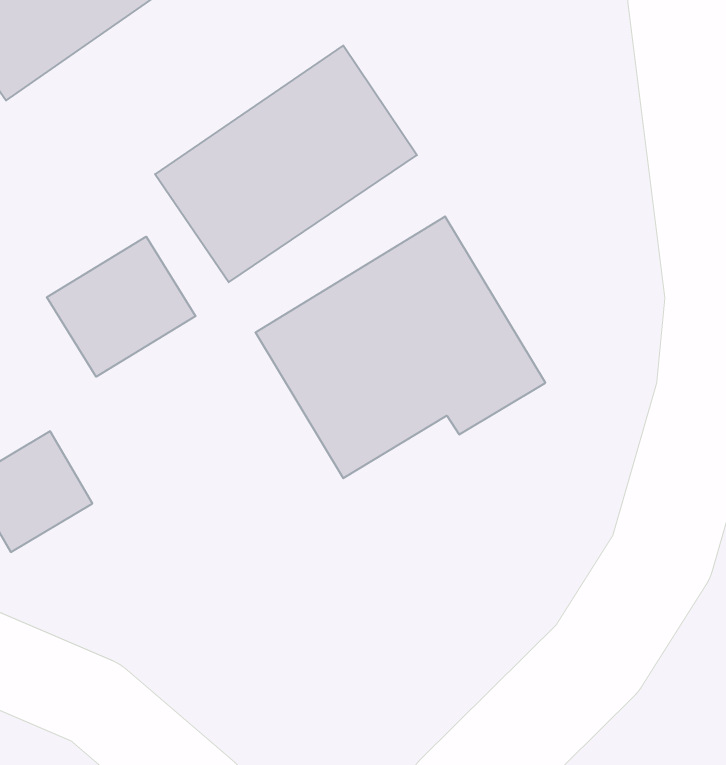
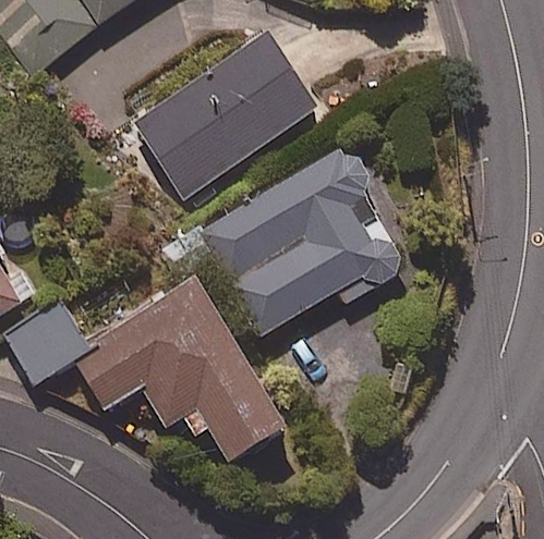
building: [47,237,196,377] -> none
building: none -> [77,280,283,462]

